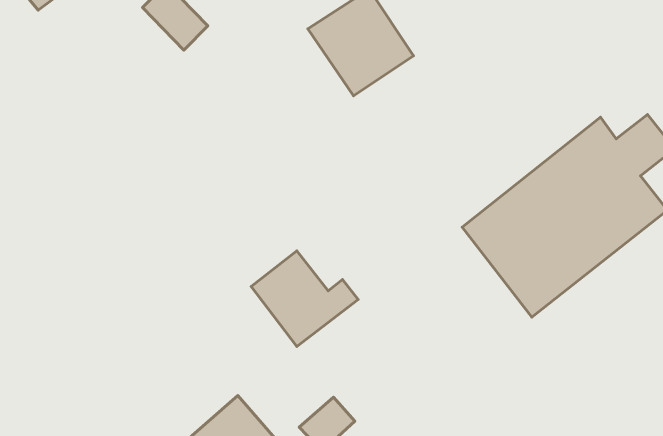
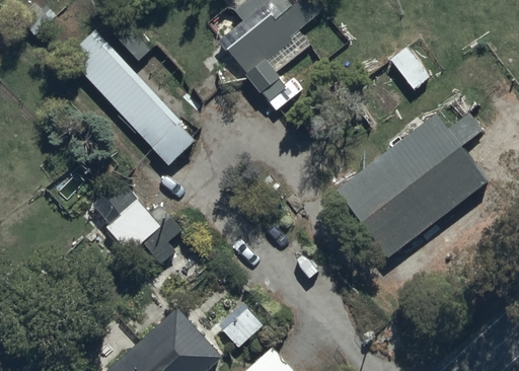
building: none -> [67,30,197,167]
building: [251,251,358,347] -> [105,197,181,265]

